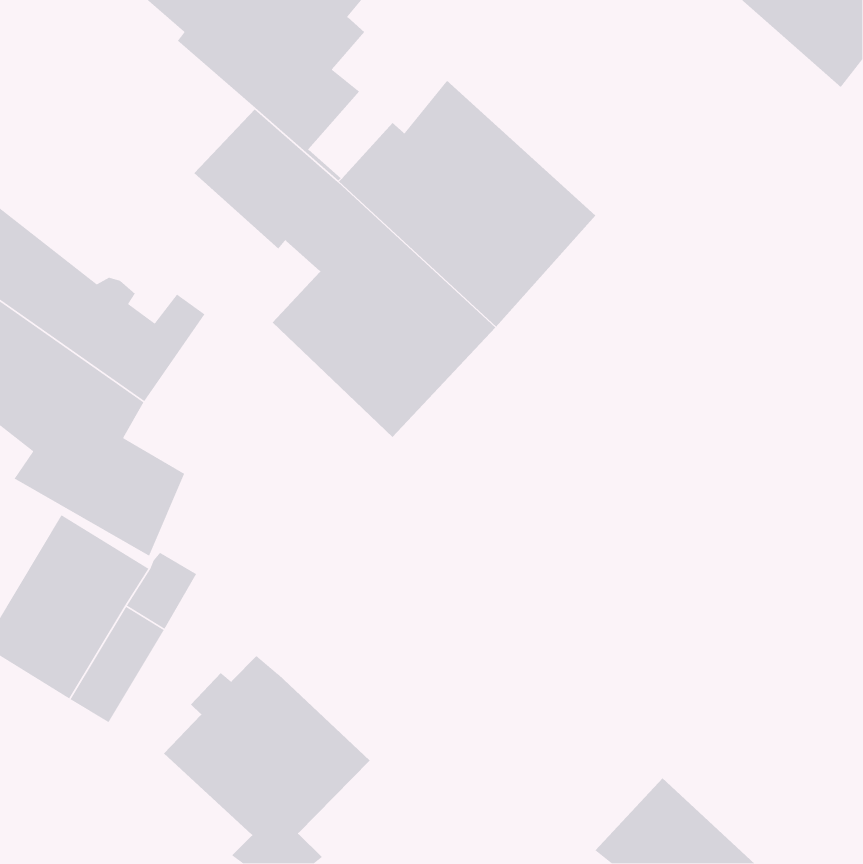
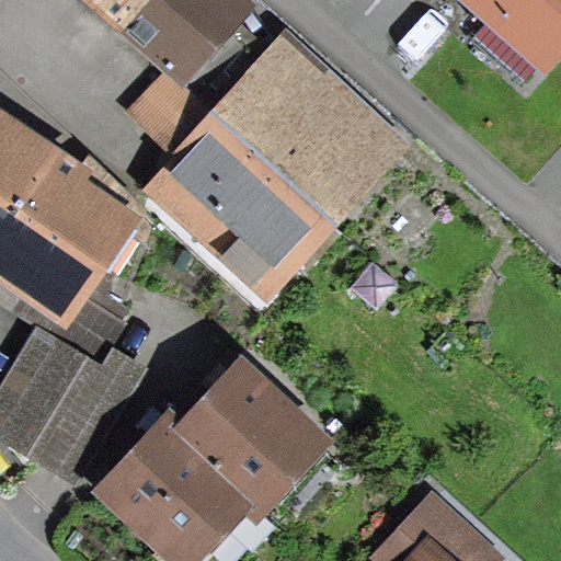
building: none -> [180,369,309,501]

